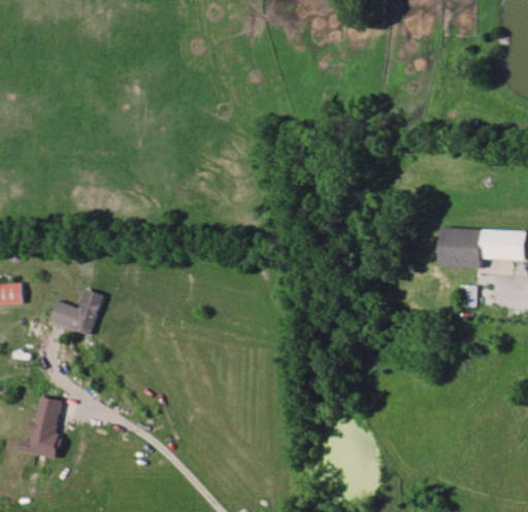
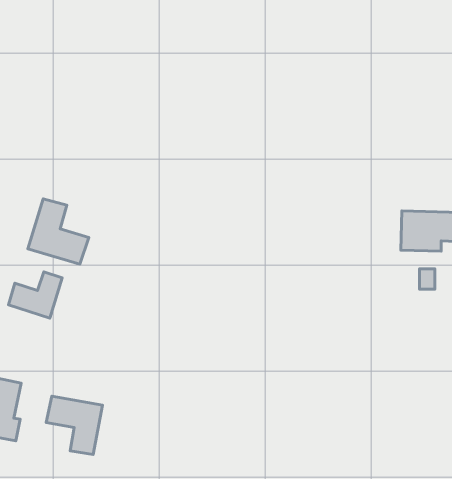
building: none -> [28,199,89,264]
building: none -> [46,396,103,455]

